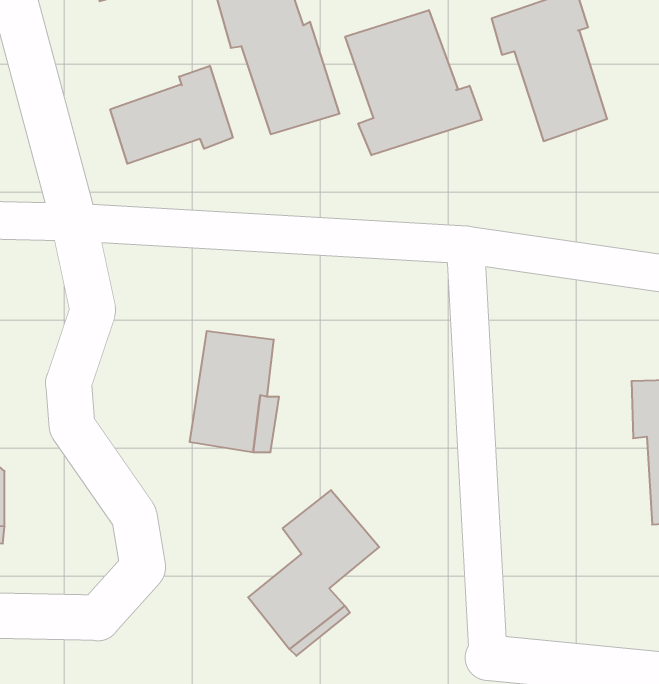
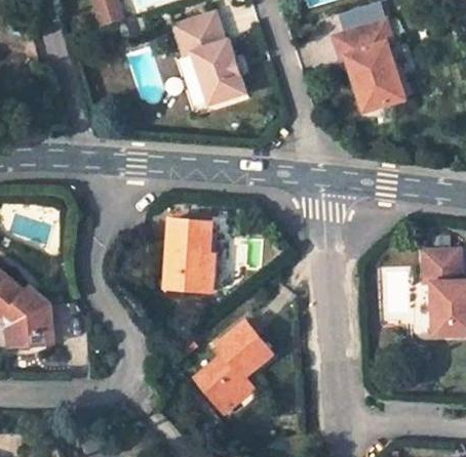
building: [345,10,482,155] -> none
building: [110,66,233,164] -> none

